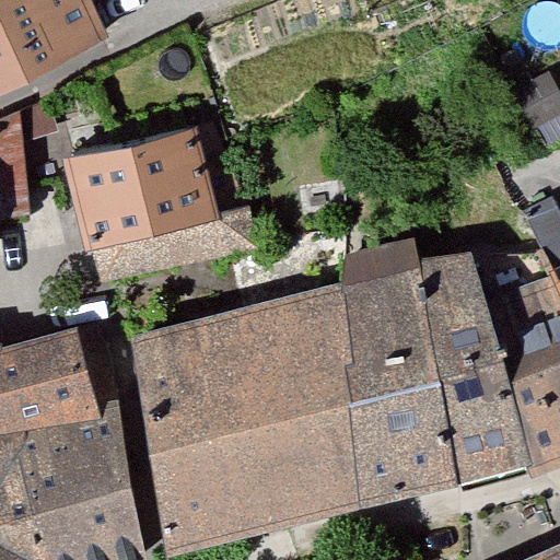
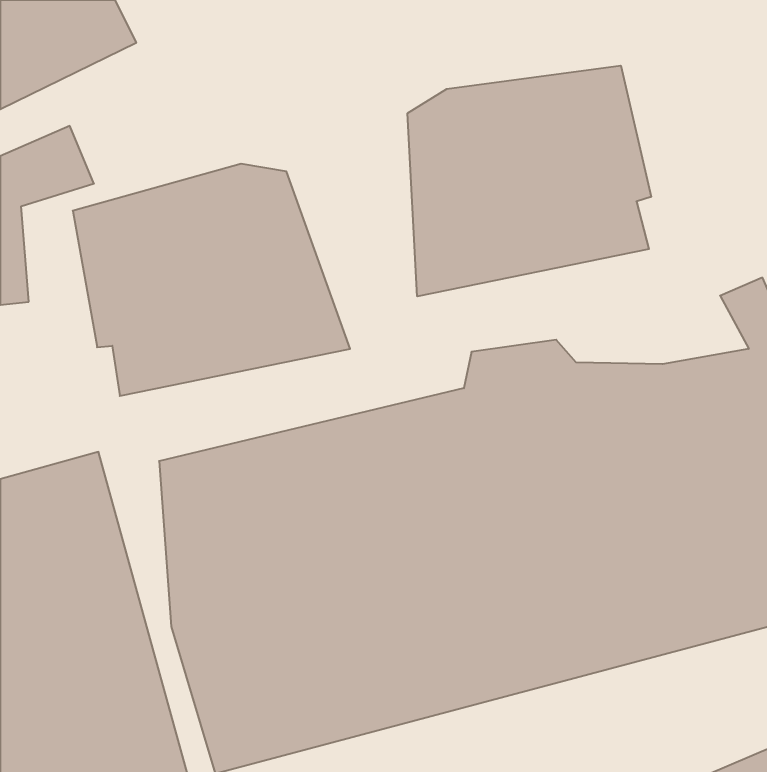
building: none -> [408,66,651,296]

